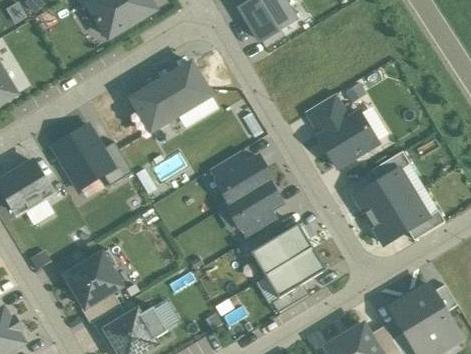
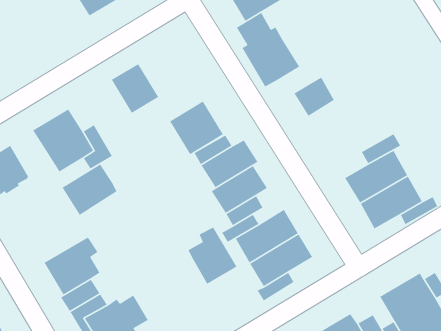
building: none -> [236,12,300,88]
building: [157,62,210,115] -> [169,100,224,155]
building: [318,112,376,167] -> none
building: none -> [61,163,117,216]
building: none -> [187,226,238,285]

